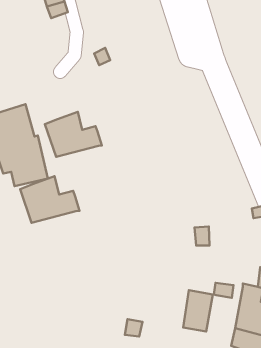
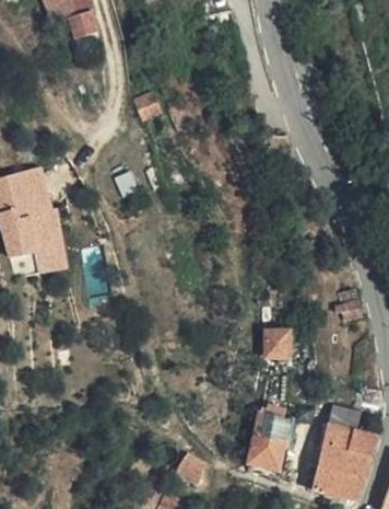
building: [45,112,102,157] -> none
building: [20,176,79,223] -> none

